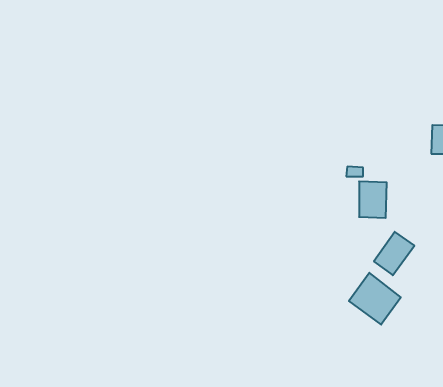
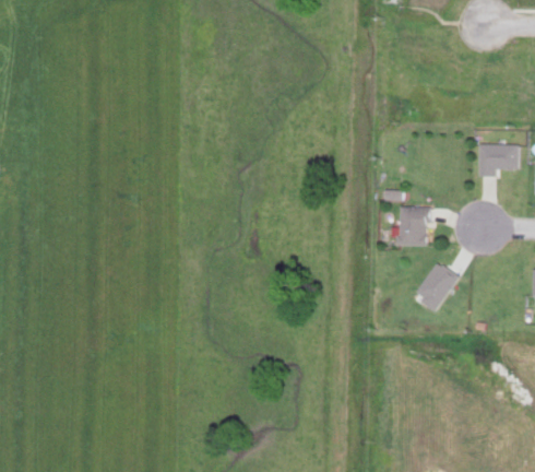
building: [349,273,401,325] -> none

